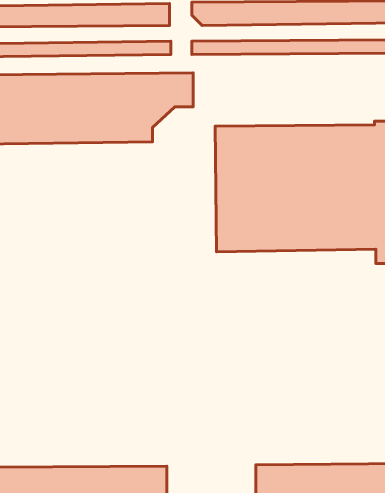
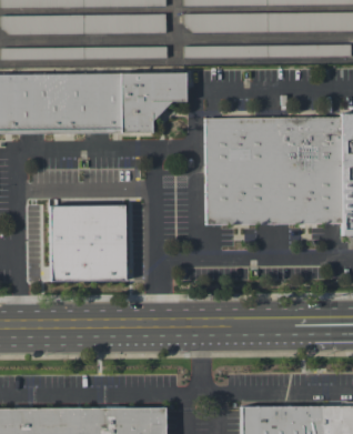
building: none -> [49,204,124,281]

